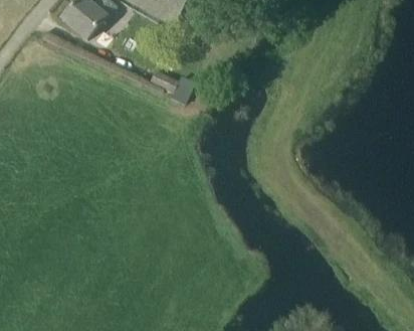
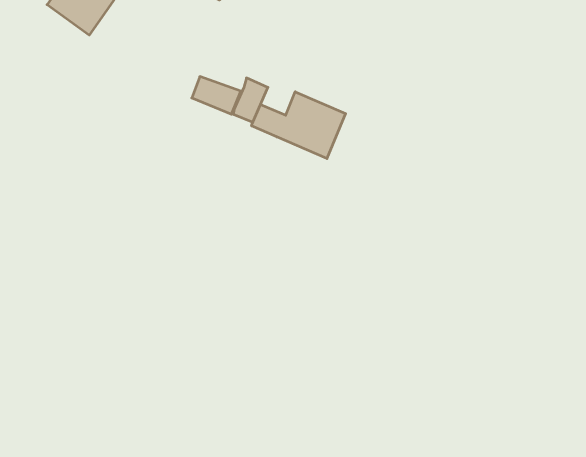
building: none -> [252,92,346,159]

